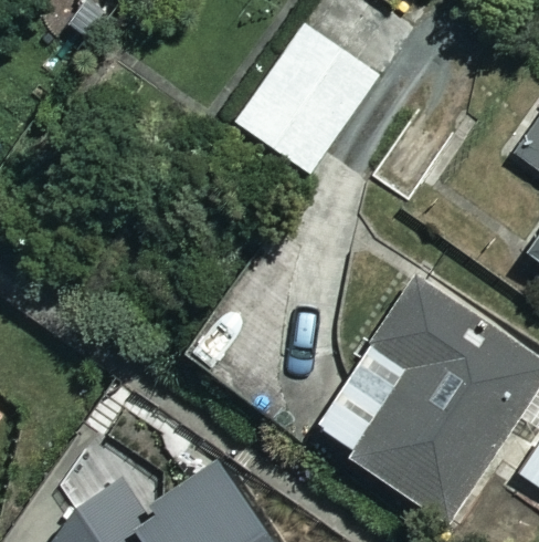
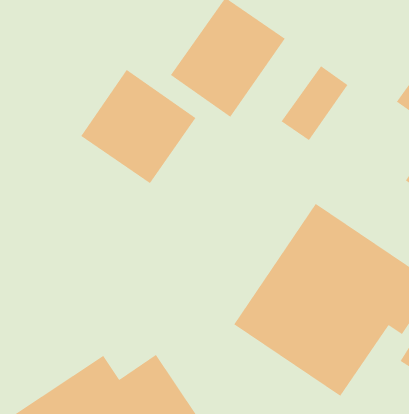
building: none -> [80,69,197,184]

